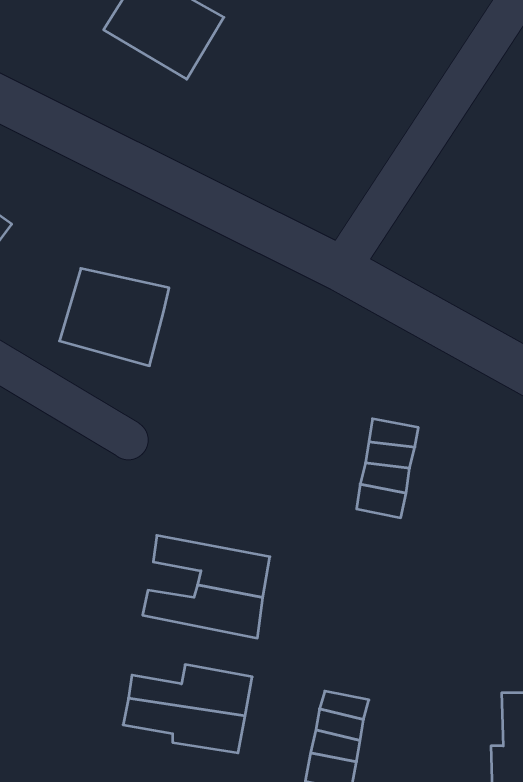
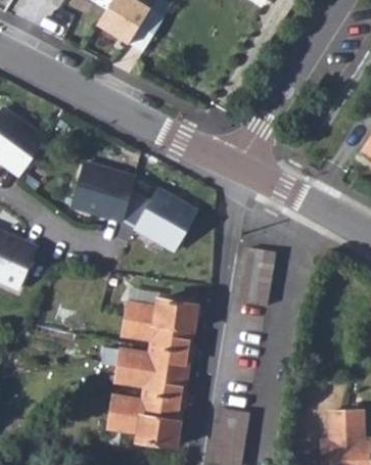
building: none -> [123,188,197,250]
building: none -> [127,299,196,331]
building: none -> [115,365,185,401]

